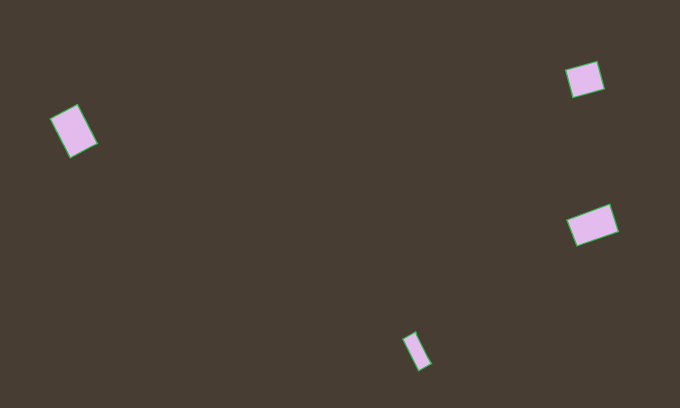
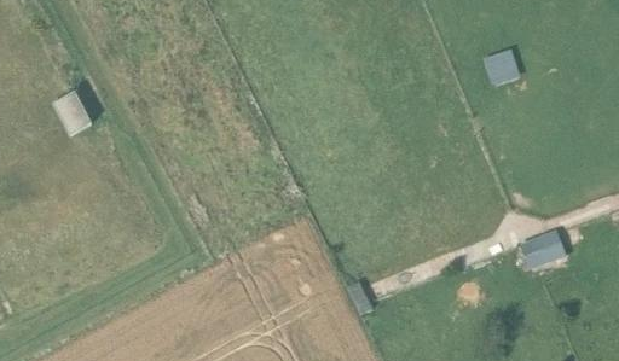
building: [567,204,619,246] -> [520,234,563,269]

